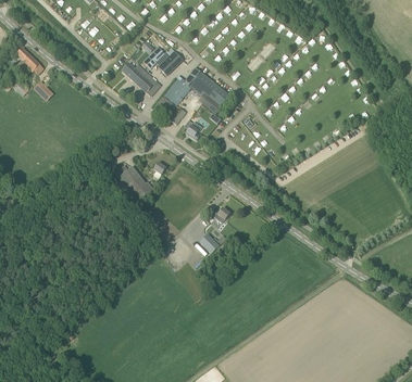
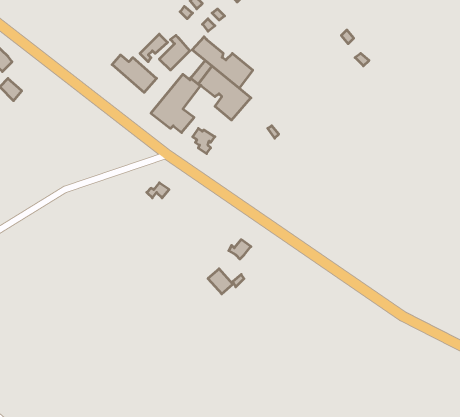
building: none -> [192,37,253,88]
building: [118,166,153,202] -> none

